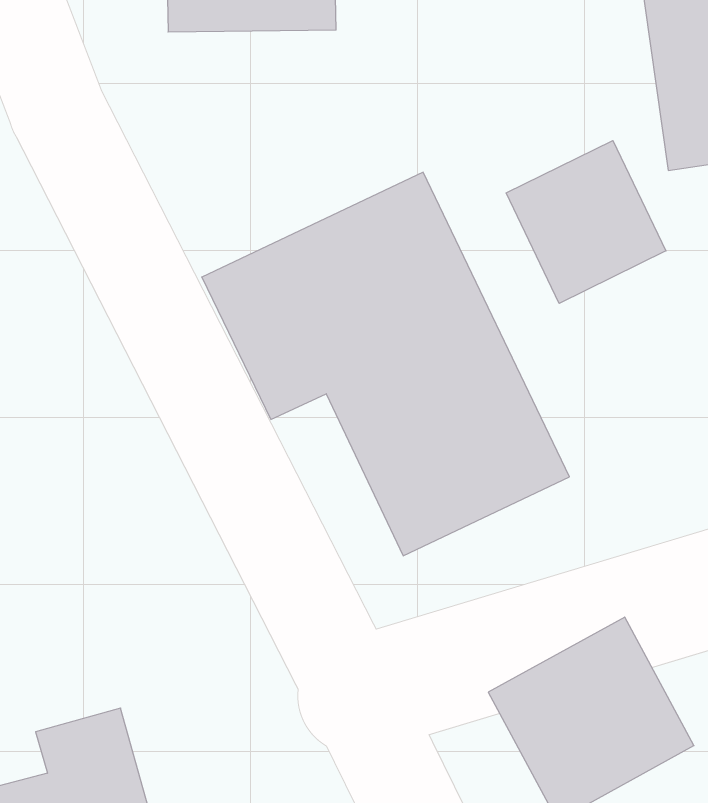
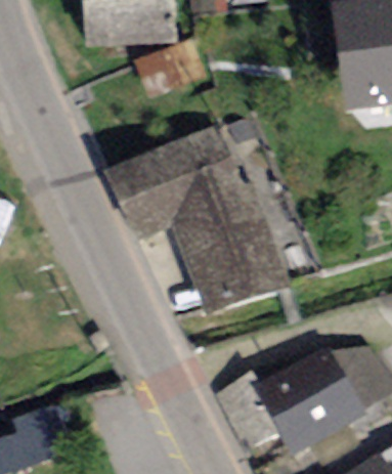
building: [506,141,666,303] -> none

